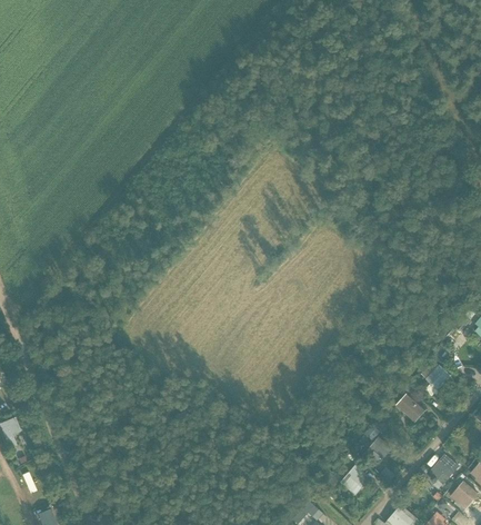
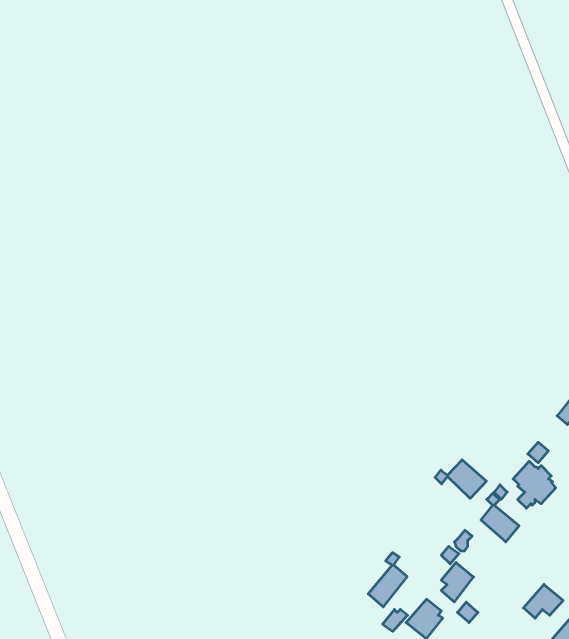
building: none -> [435,460,486,498]
building: none -> [368,553,407,607]

